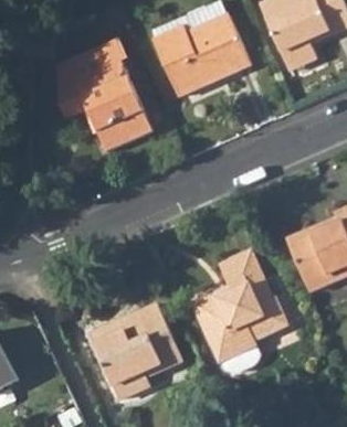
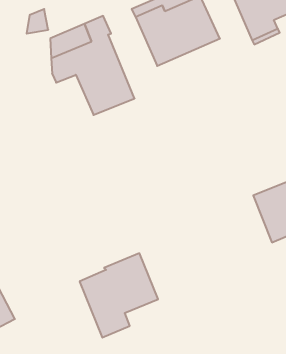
building: [193,252,287,373] -> none

